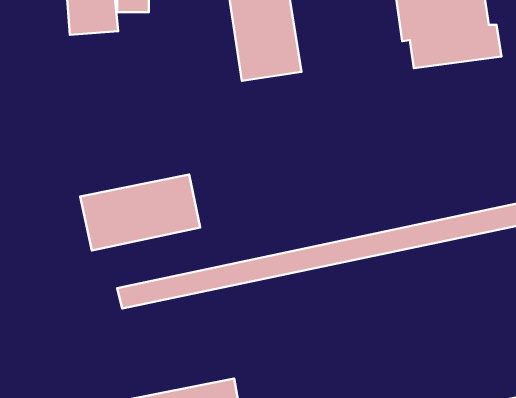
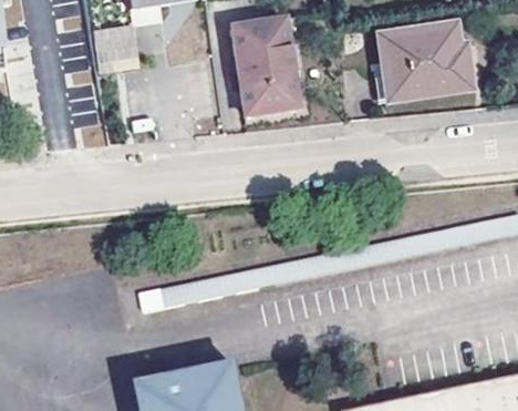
building: [80,175,200,251] -> none

